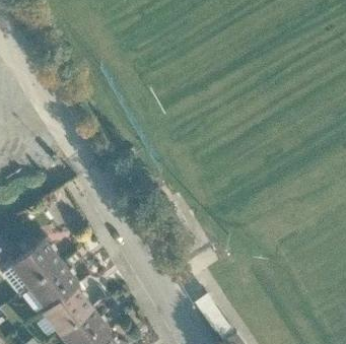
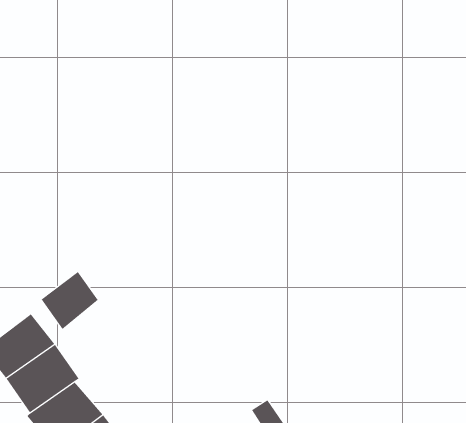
building: none -> [41,271,99,330]

